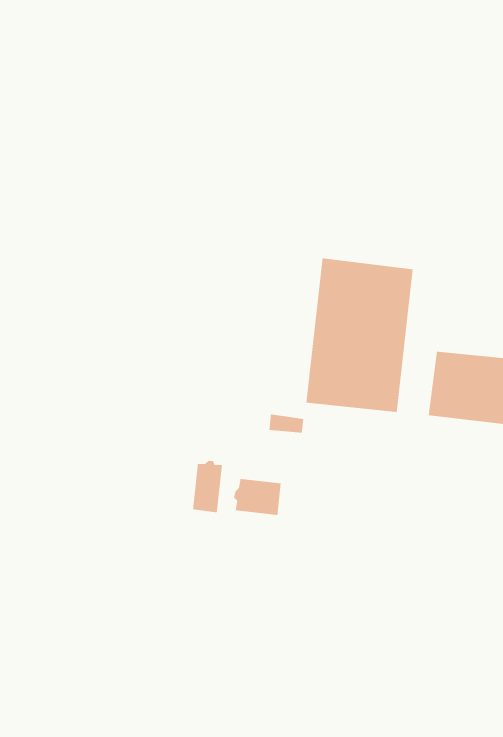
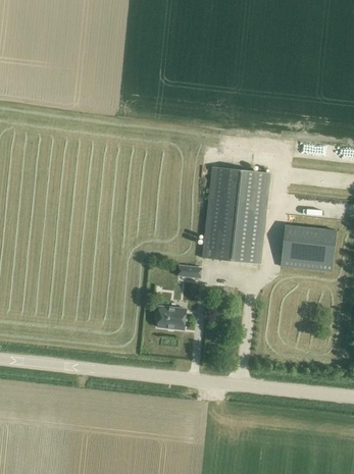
building: [192,460,222,513] -> none

